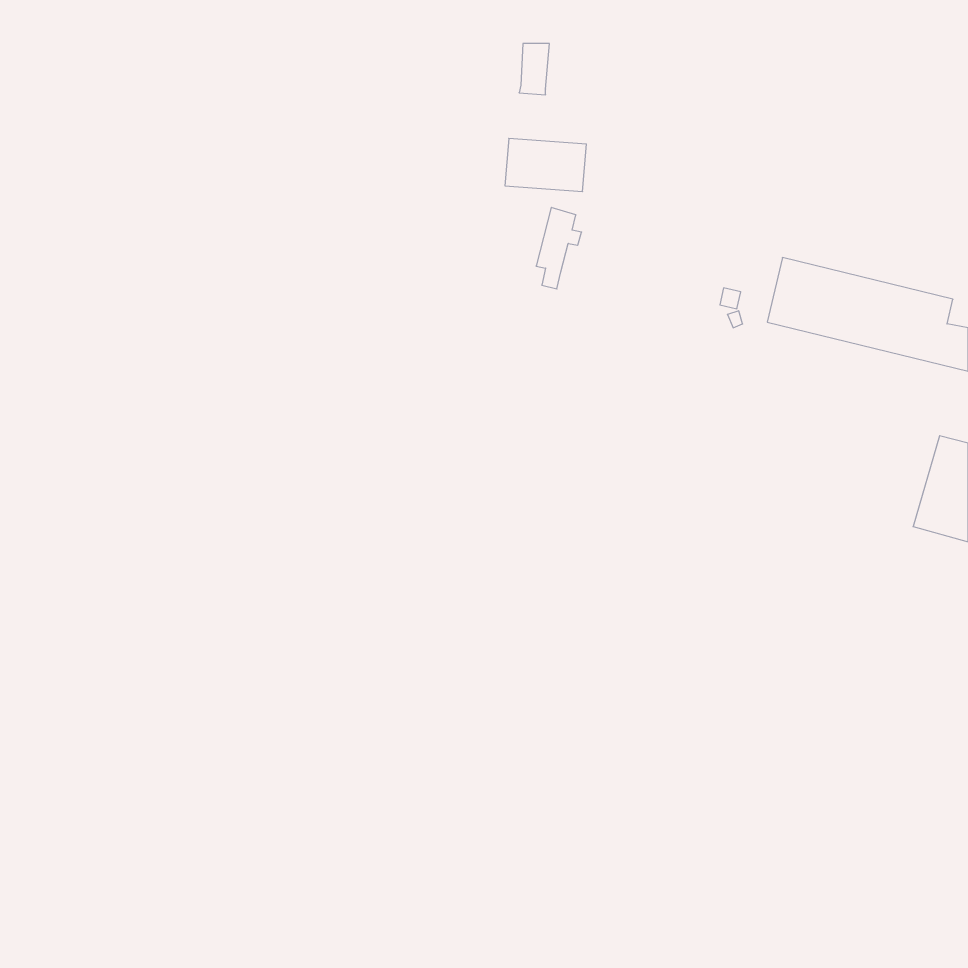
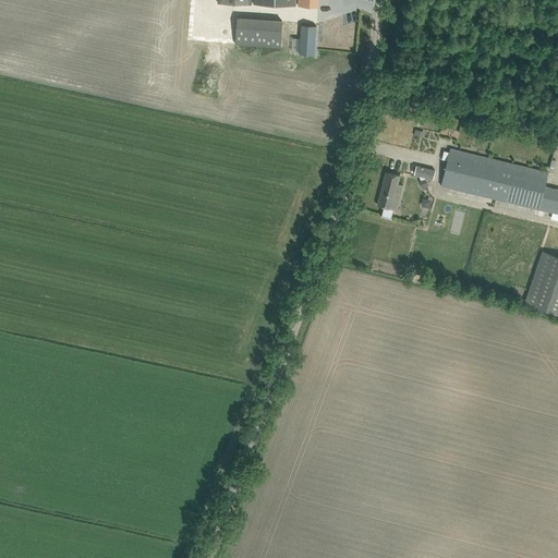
building: [505,138,586,192] -> [235,17,282,48]
building: [536,207,582,289] -> [377,171,403,218]

